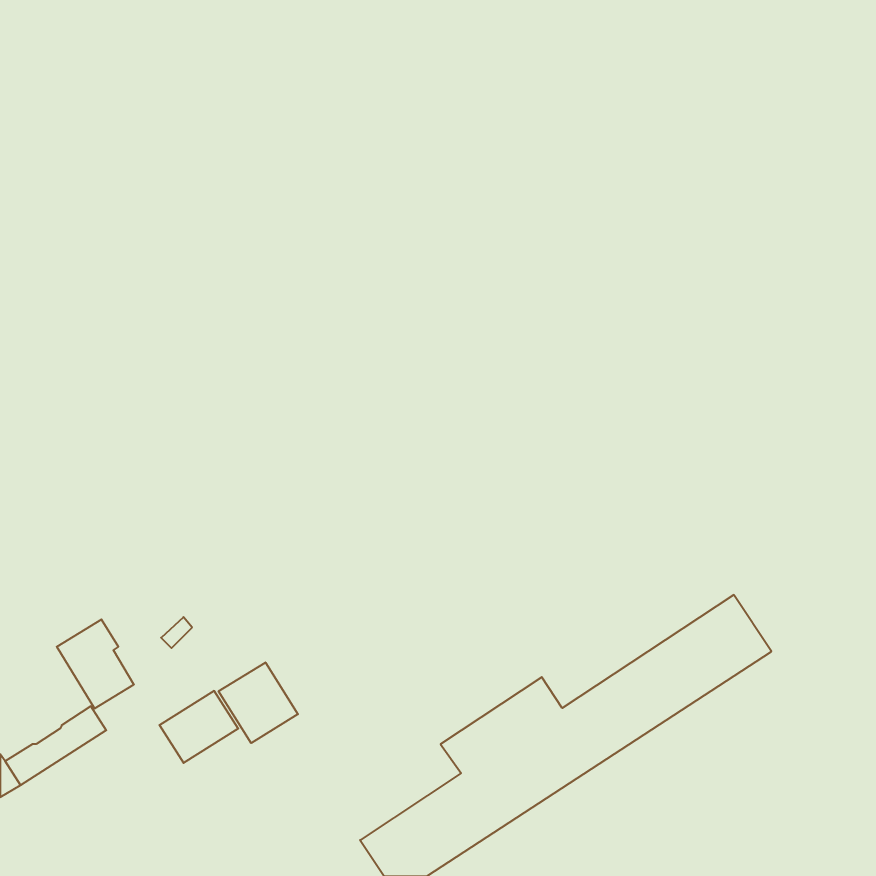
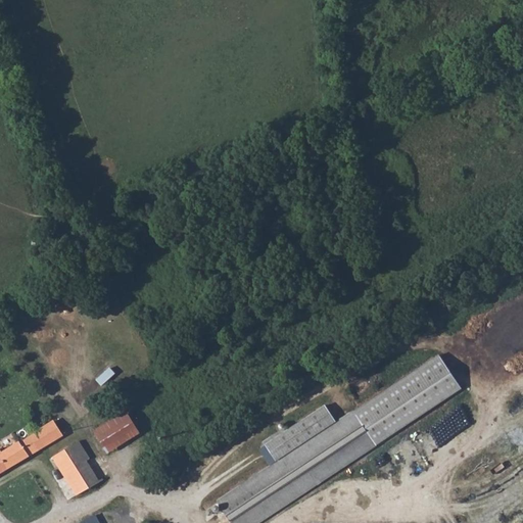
building: [57,619,134,708] -> [53,442,99,495]
building: [219,662,298,743] -> none

